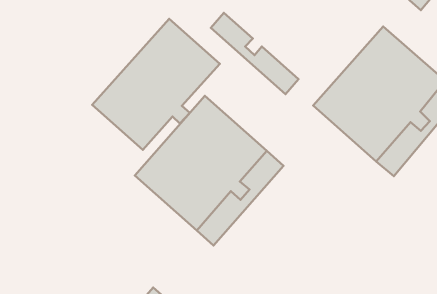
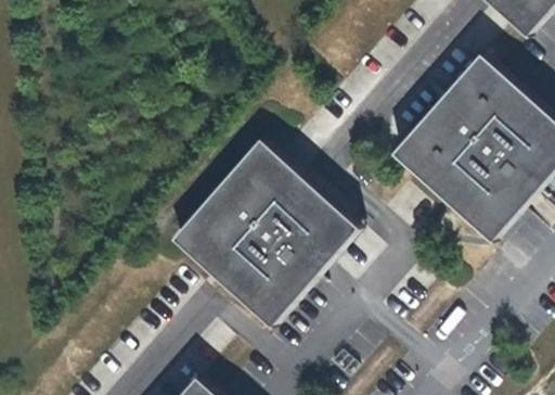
building: [211,13,299,94] -> none
building: [92,19,220,150] -> none

